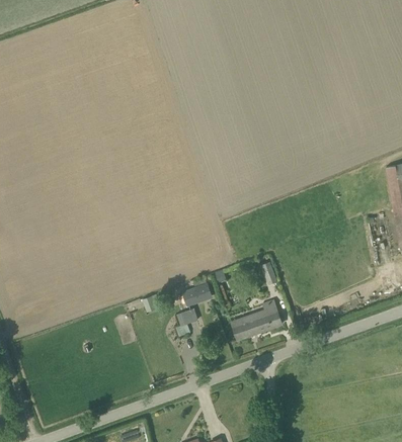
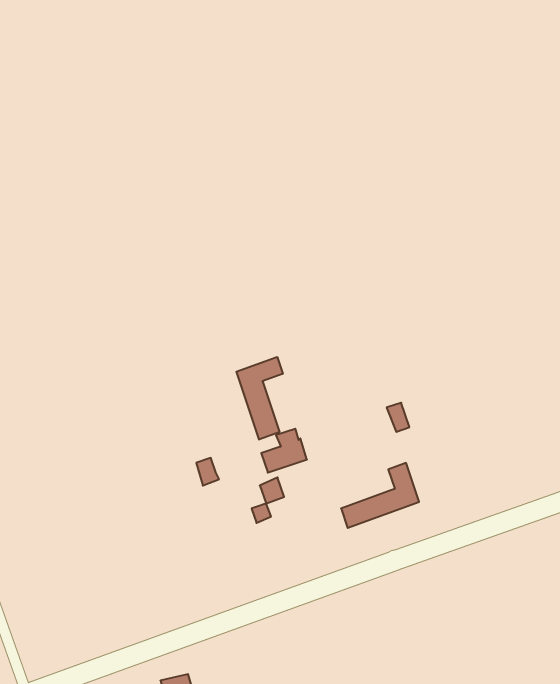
building: none -> [236,357,283,440]

